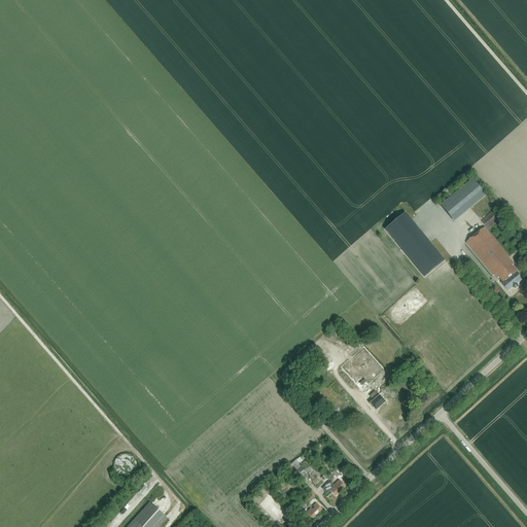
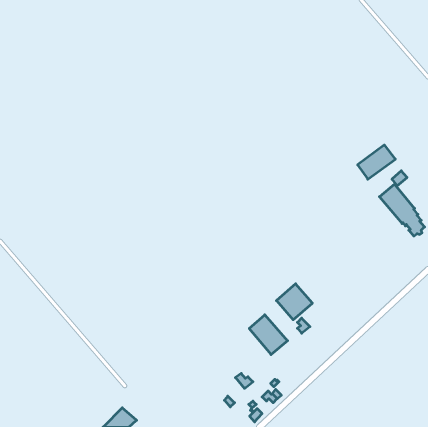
building: [385,212,445,276] -> none
building: none -> [249,315,288,355]

